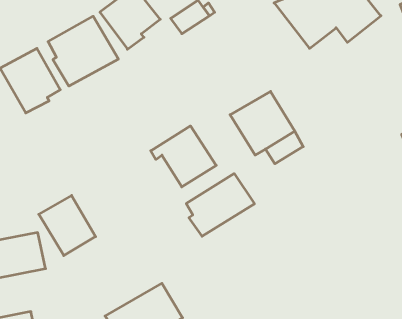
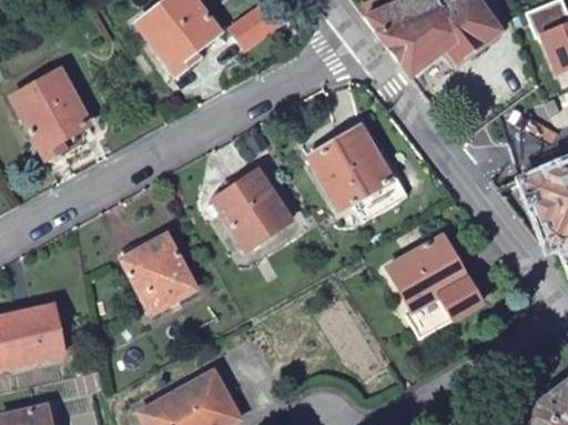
building: [48,16,118,86] -> none
building: [186,174,254,236] -> none
building: none -> [387,232,478,328]
building: [39,195,96,256] -> [123,235,196,313]

